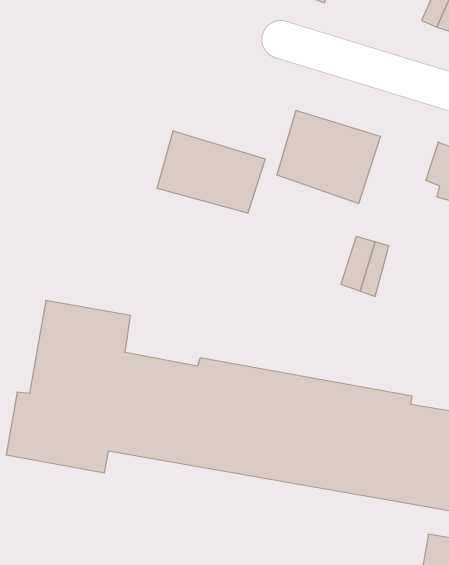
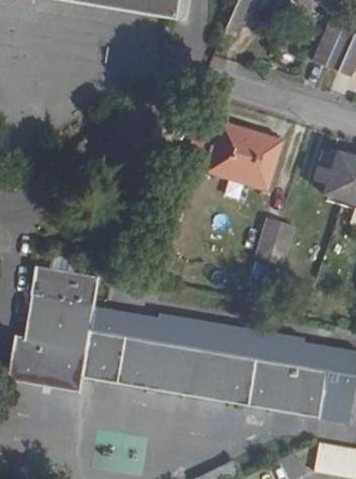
building: [157,131,265,213] -> none

